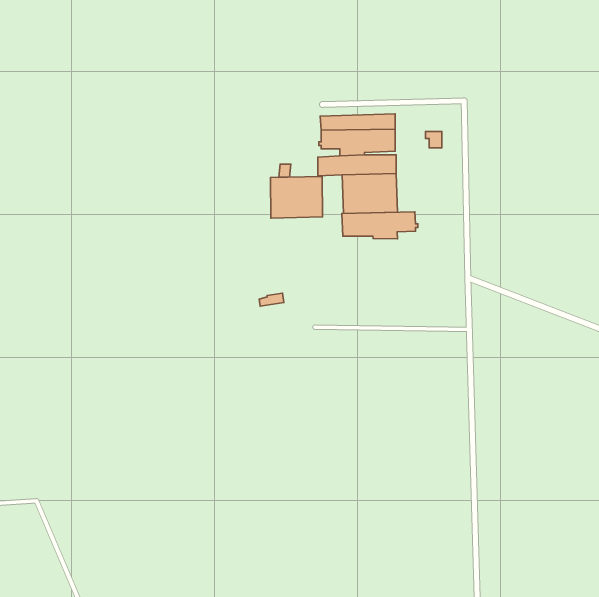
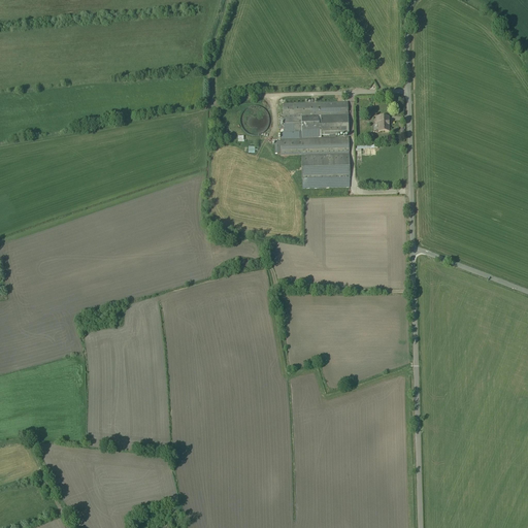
building: [270,176,323,218] -> none
building: [342,212,418,239] -> none

